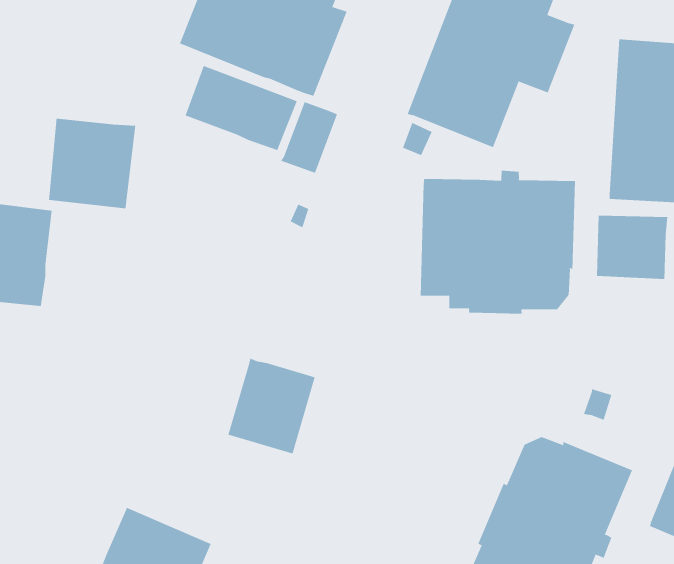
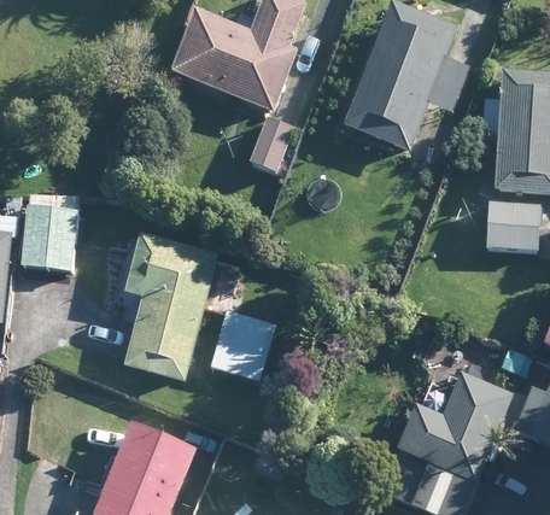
building: [185,65,298,151] -> none
building: [49,118,136,209] -> none
building: [420,170,576,315] -> none
building: none -> [123,233,216,381]

